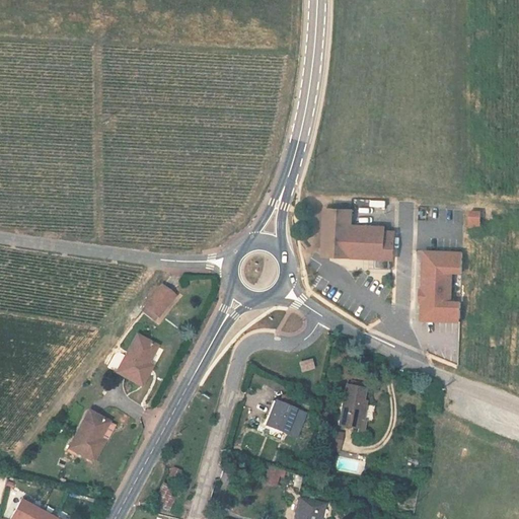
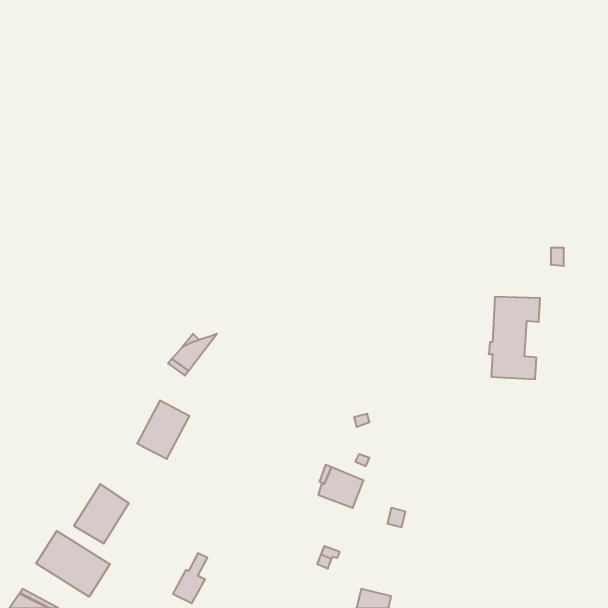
building: [322,208,393,268] -> none
building: [342,387,369,435] -> none
building: none -> [36,531,110,597]

